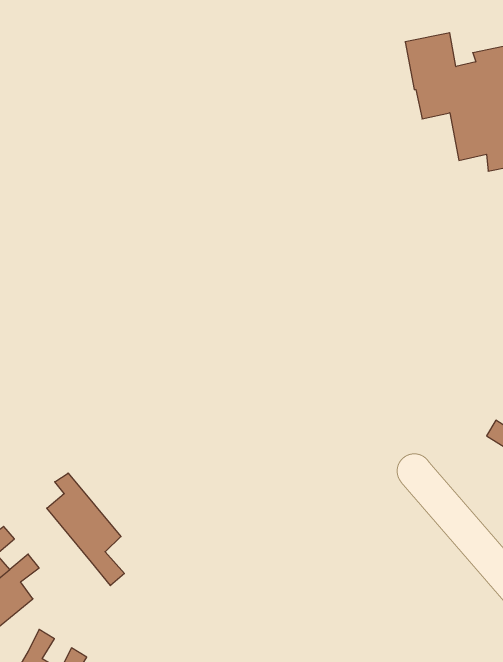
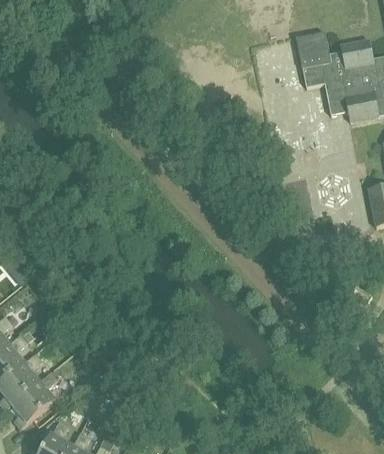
building: [47,473,124,586] -> none

